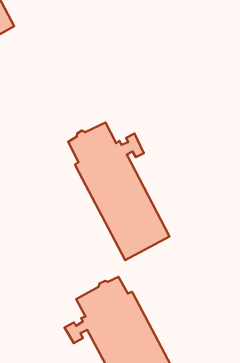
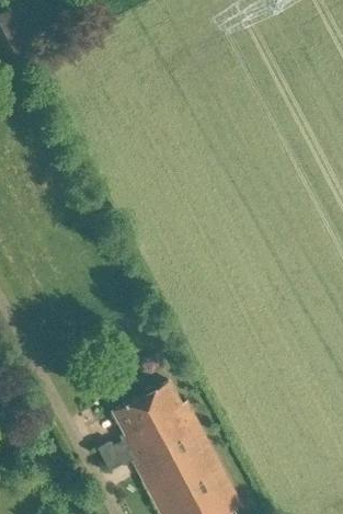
building: [68,122,170,260] -> none

